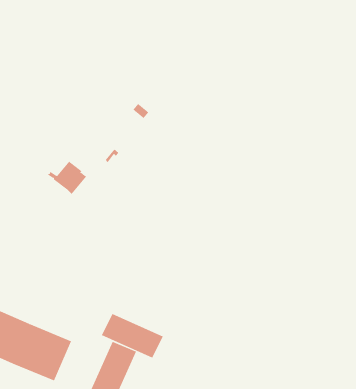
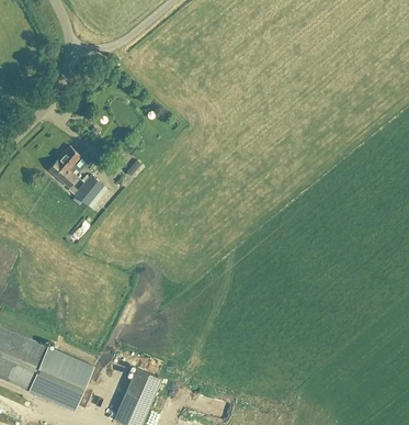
building: none -> [48,145,81,187]
building: [101,313,163,358] -> none

